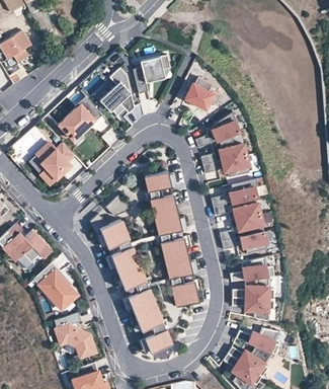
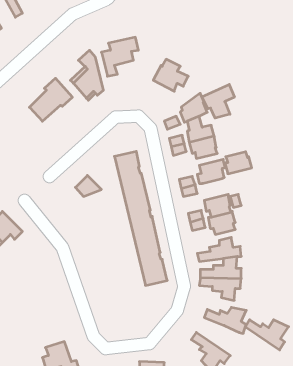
building: none -> [202,84,234,118]
building: [36,143,74,185] -> none
building: [233,198,260,220] -> [225,152,252,174]
building: [90,214,171,353] -> none
building: [33,262,78,310] -> none
building: [54,312,96,359] -> none
building: [228,346,271,377] -> [246,320,289,350]

